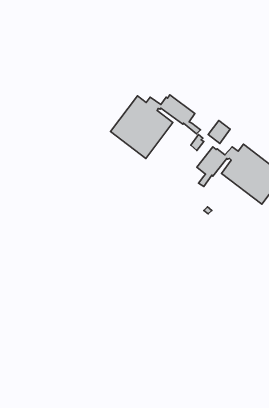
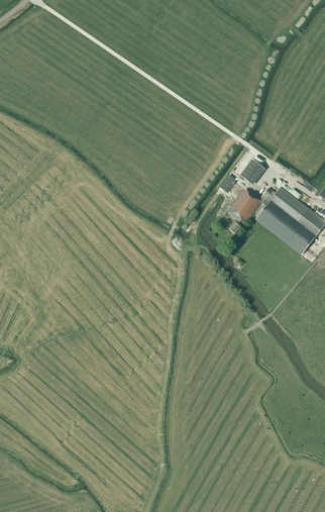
building: [111,95,200,159] -> none

